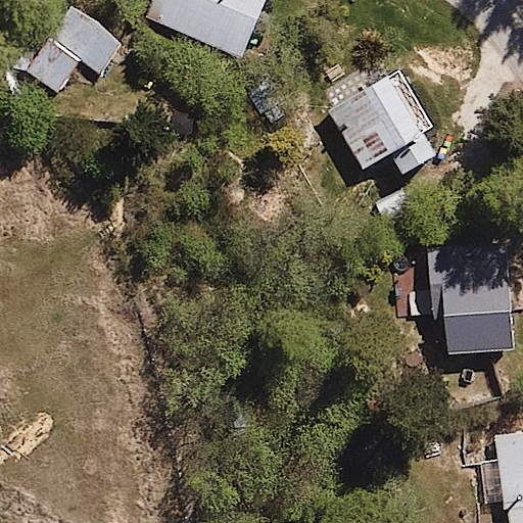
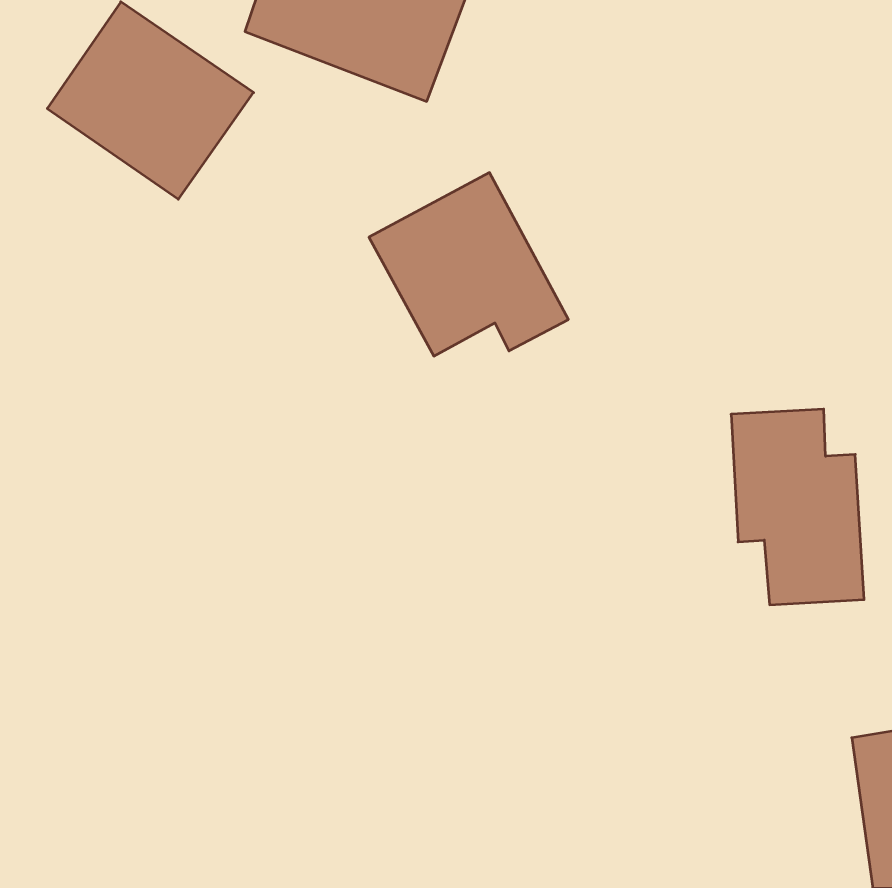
building: [323,68,439,176] -> [369,173,568,356]

